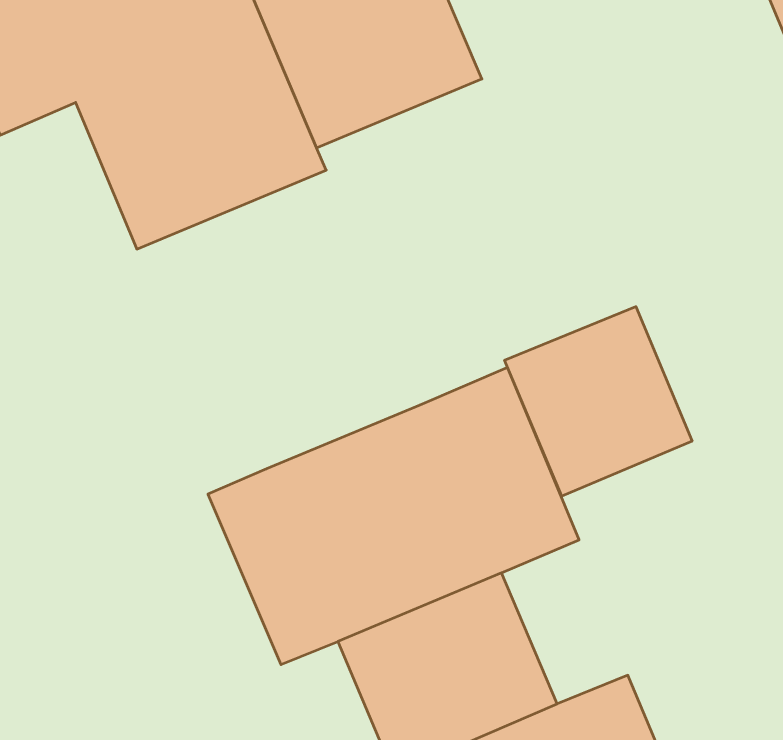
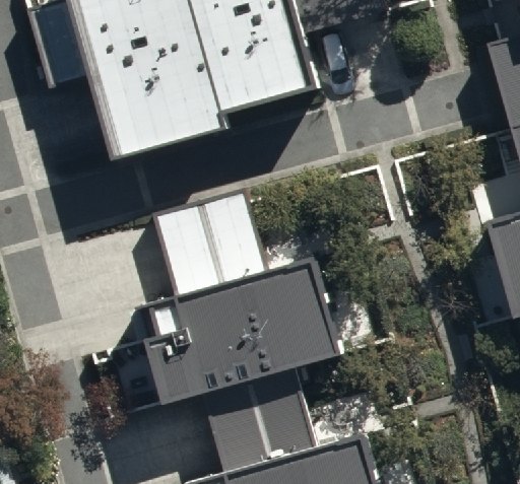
building: none -> [152,188,264,290]
building: [505,307,692,496] -> none

